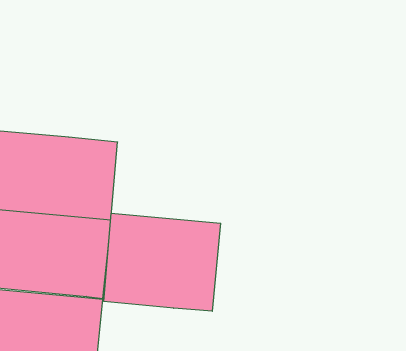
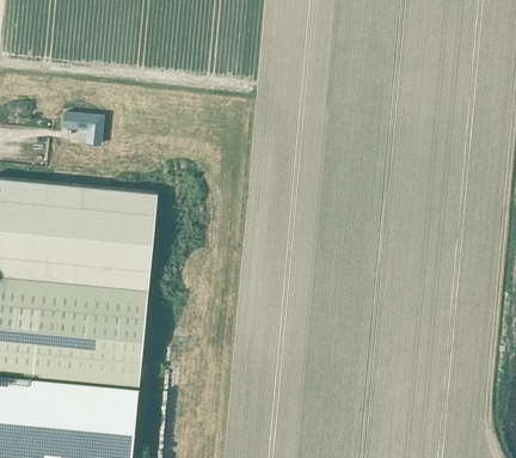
building: none -> [63,112,102,145]
building: [104,213,221,311] -> none

